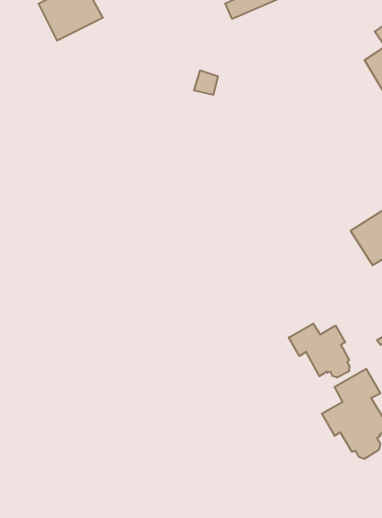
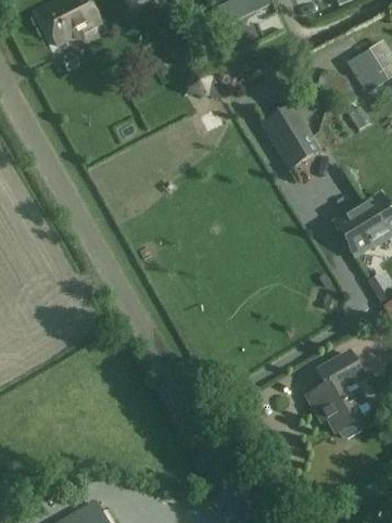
building: none -> [262,103,323,170]
building: [289,323,350,378] -> none

